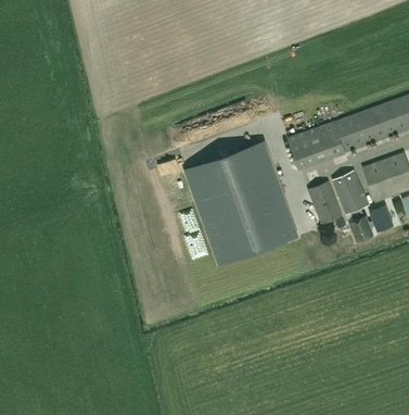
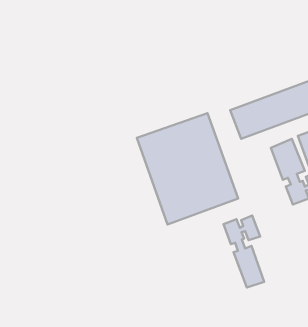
building: [308,181,342,224] -> none
building: none -> [224,216,264,287]

